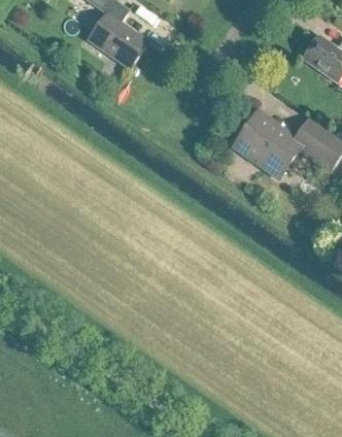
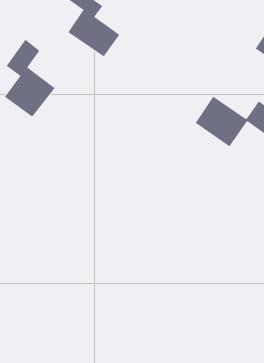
building: none -> [4,39,55,117]

